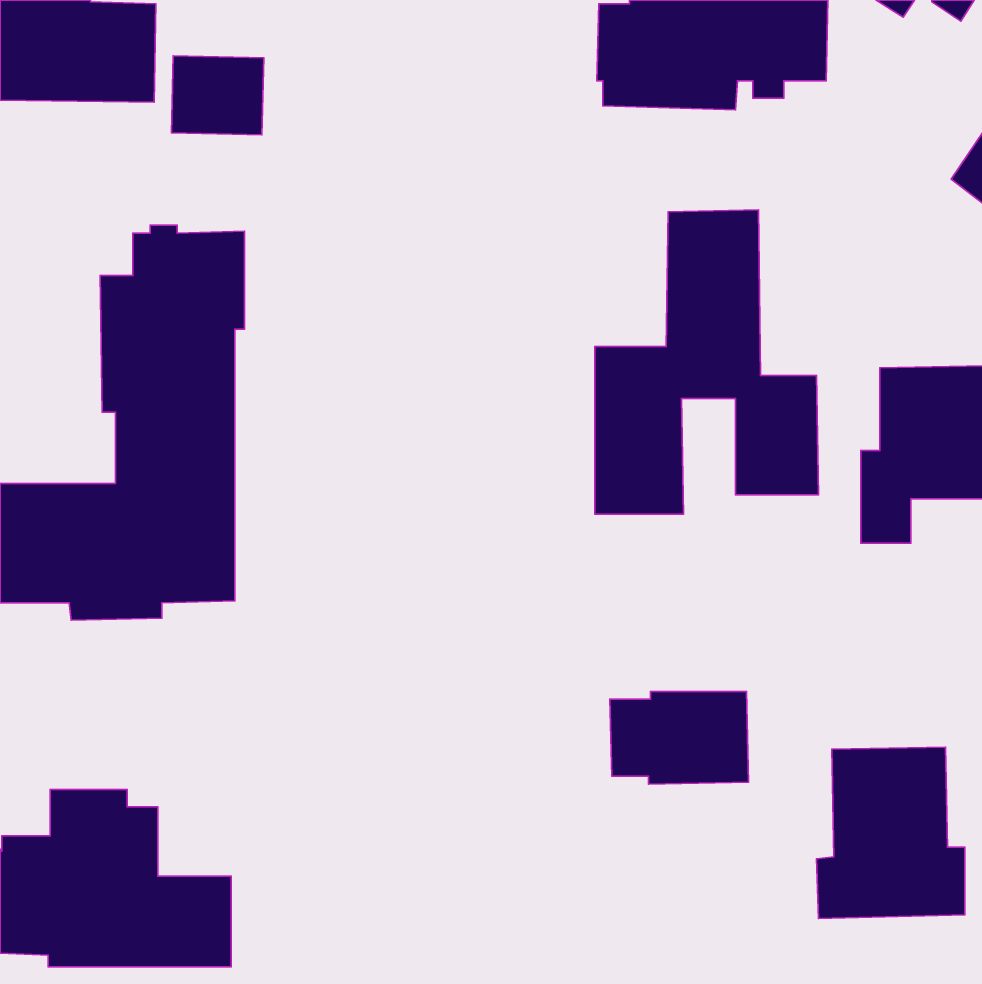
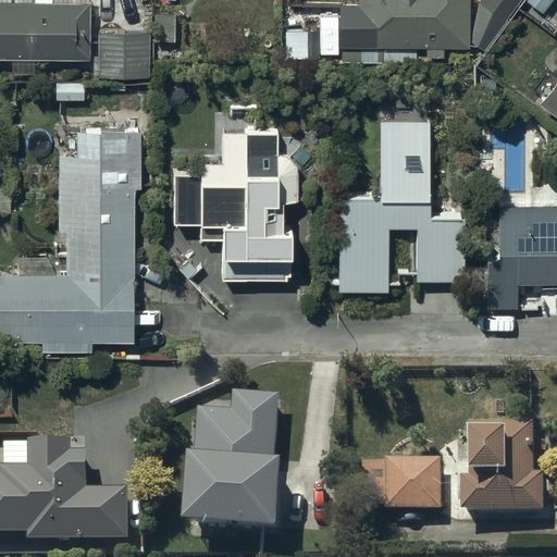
building: none -> [174,131,297,278]
building: none -> [188,389,293,533]
building: [610,692,749,784] -> [366,458,444,510]

